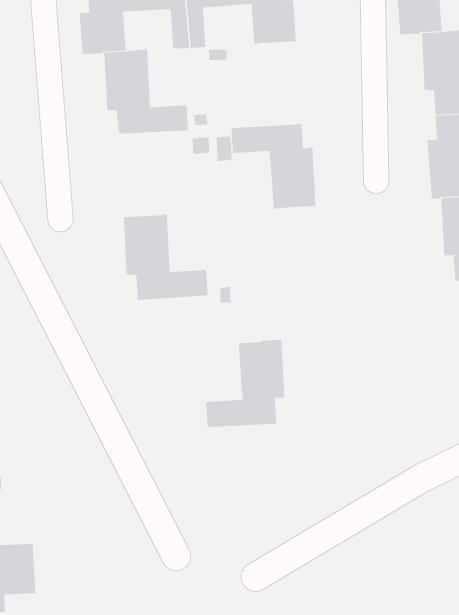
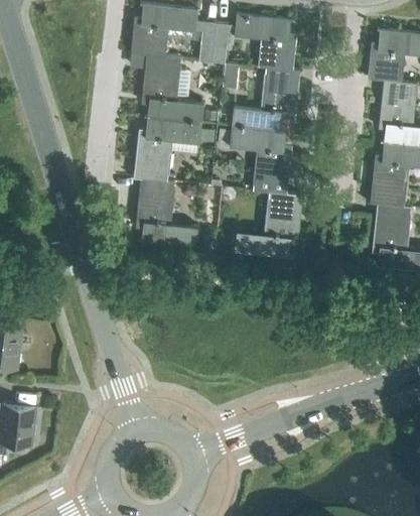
building: none -> [232,69,298,133]
building: none -> [134,118,200,182]
building: [205,340,285,427] -> [235,194,301,258]

